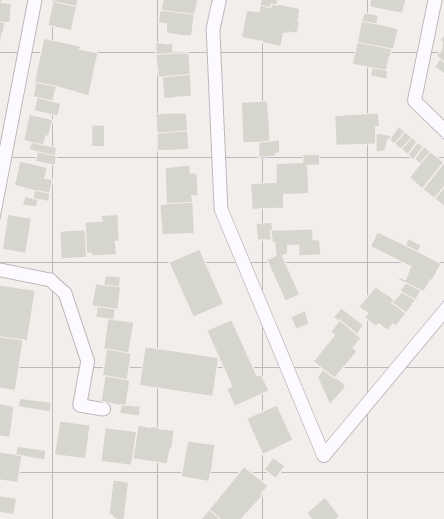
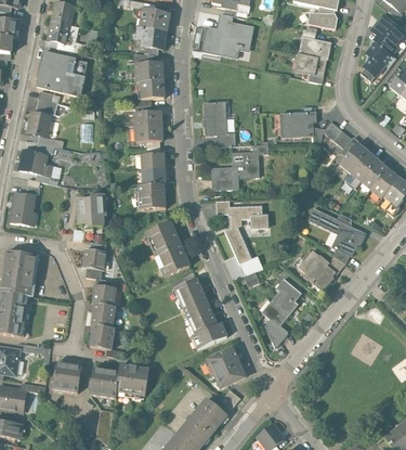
building: [60,230,86,259] -> none
building: [140,346,219,396] -> none
building: [181,441,215,482] -> none

